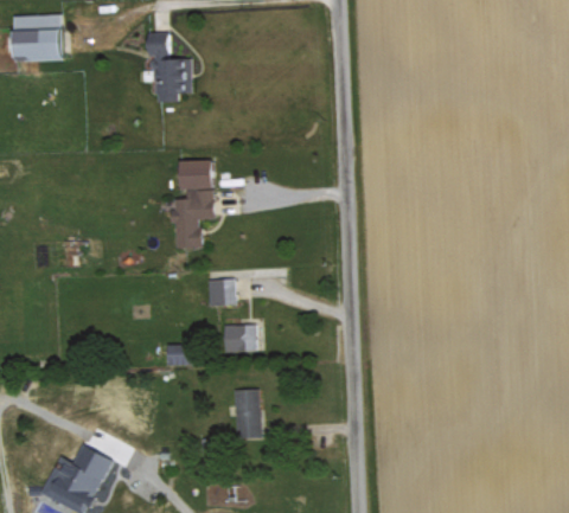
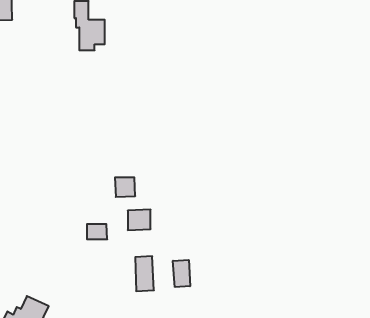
building: [173,160,213,249] -> none
building: none -> [173,260,190,287]

